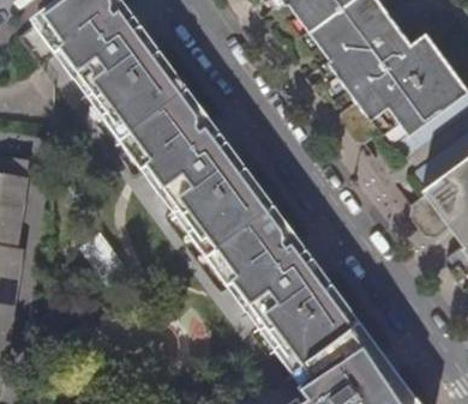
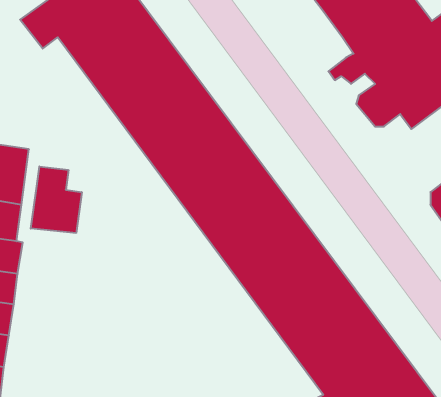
building: none -> [31,166,82,233]

